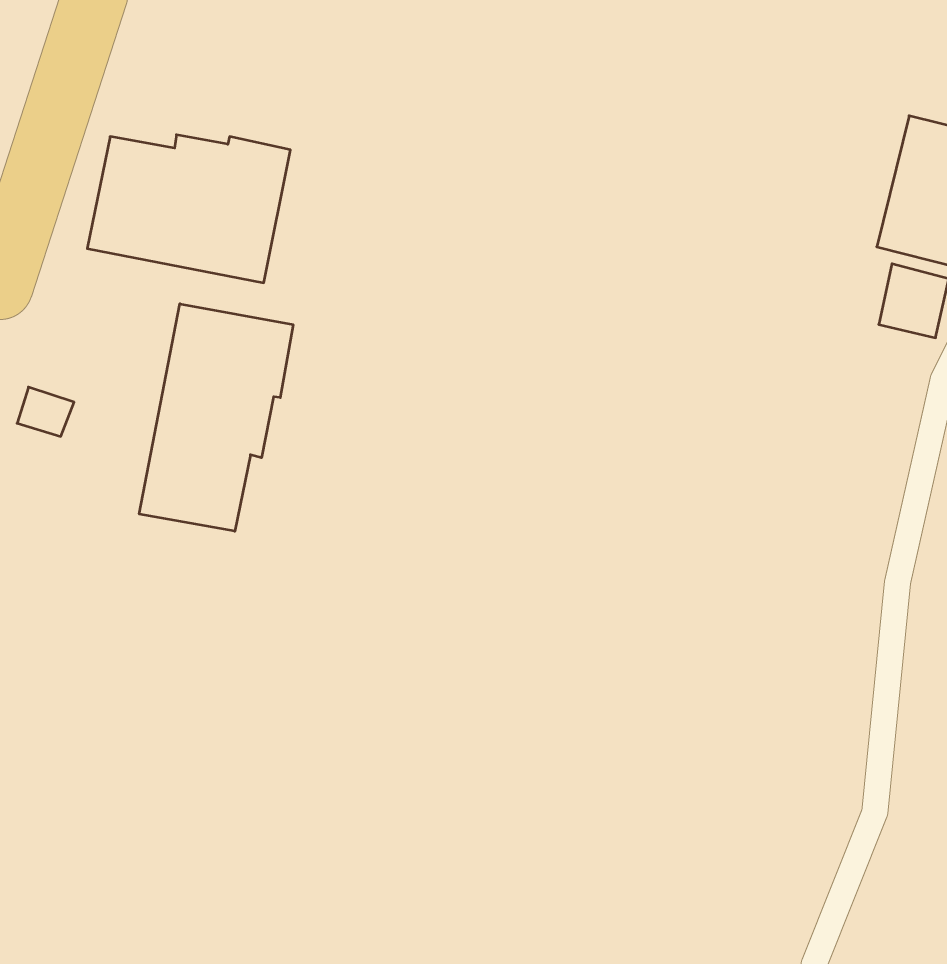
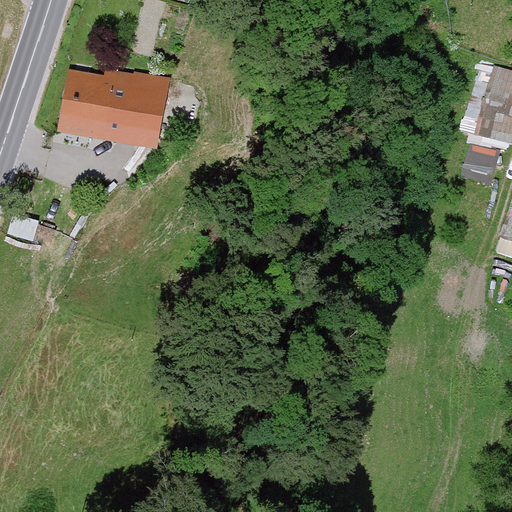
building: [139,304,293,531] -> none

